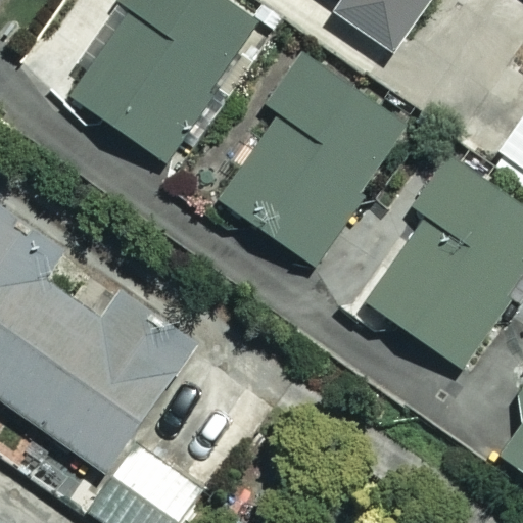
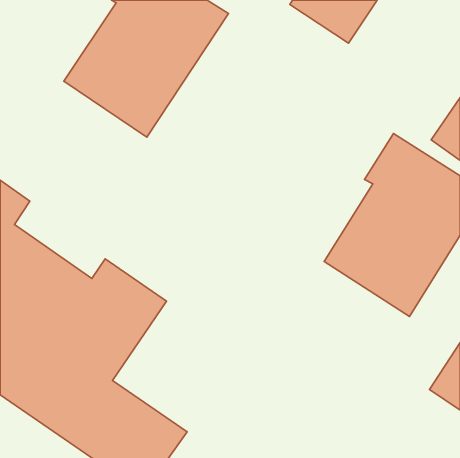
building: [221,51,411,265] -> none

